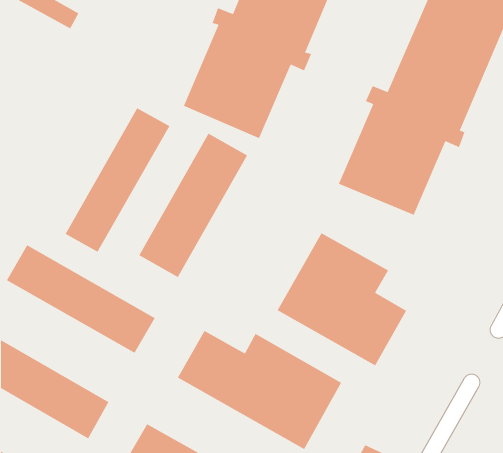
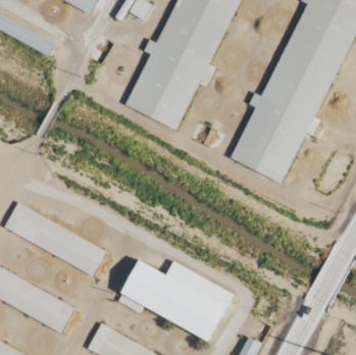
building: [65,107,170,253] -> none
building: [138,133,248,278] -> none
building: [276,232,407,367] -> none

